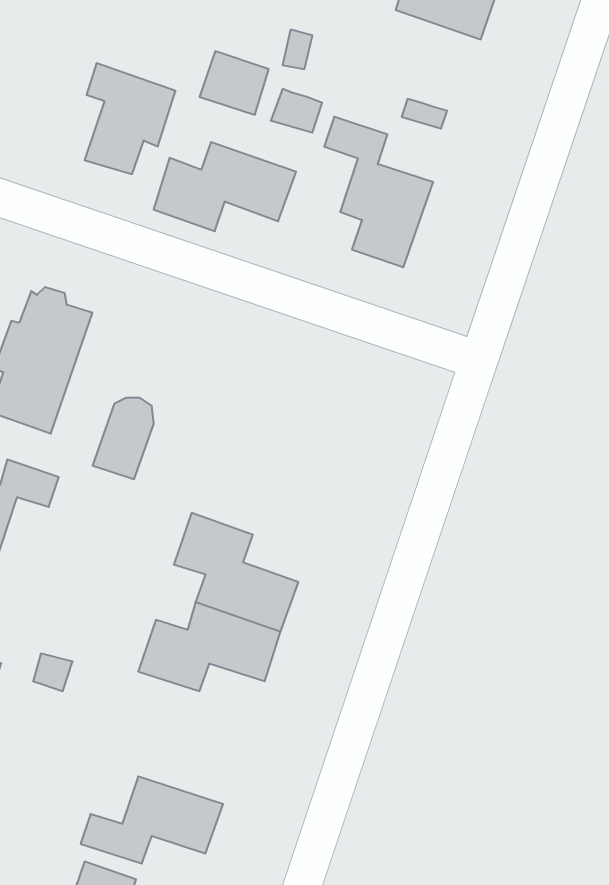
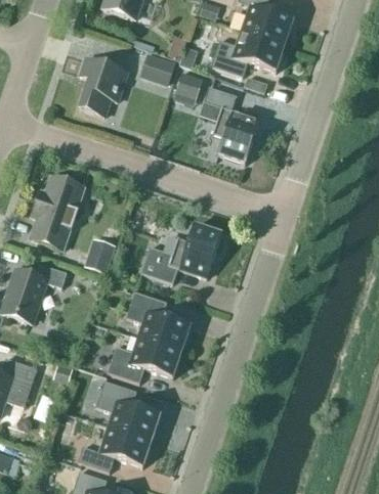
building: [154,142,296,231] -> [211,31,285,77]
building: none -> [141,224,221,283]
building: none -> [96,380,160,441]

